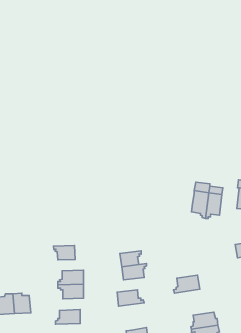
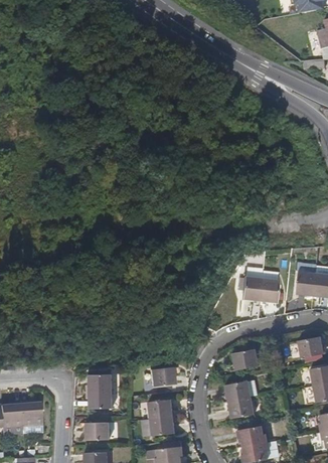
building: [54,246,75,260] -> none
building: none -> [233,346,266,367]
building: [120,251,141,267] -> none
building: none -> [220,395,255,416]
building: none -> [152,412,183,433]

